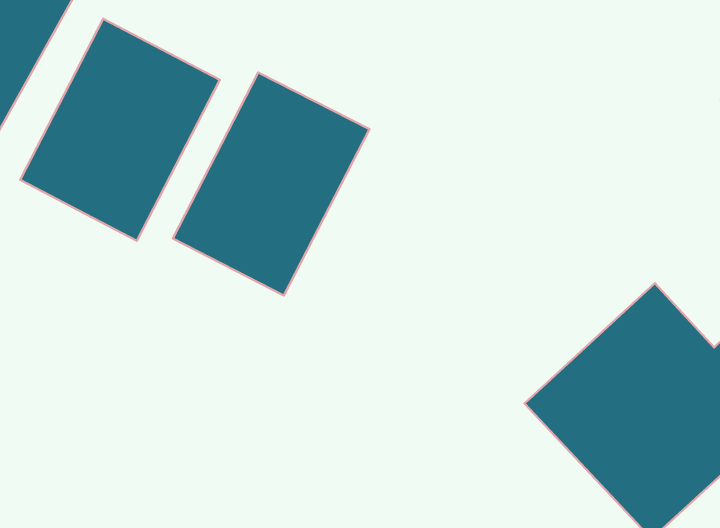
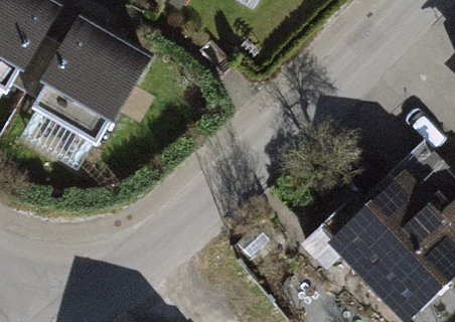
building: [173,72,370,295] -> none

